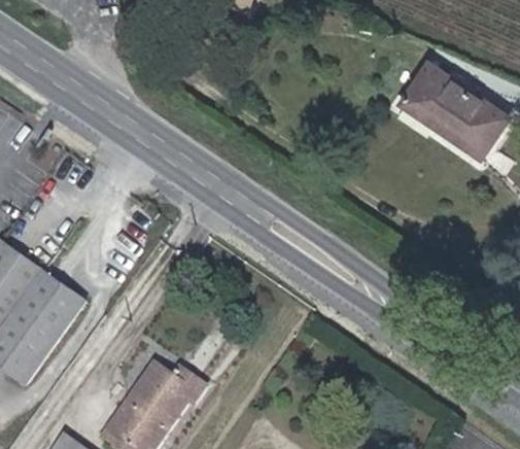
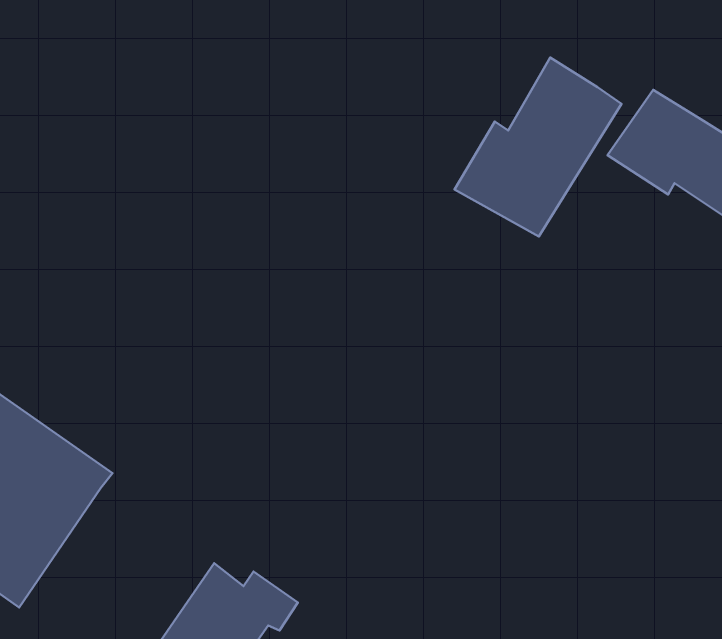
building: none -> [454,58,622,236]

